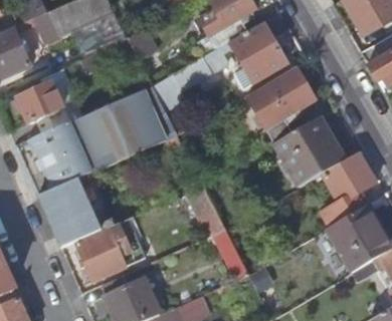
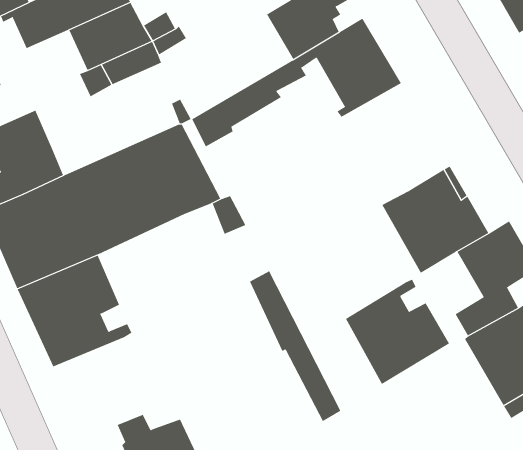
building: [246,69,314,142] -> none
building: none -> [345,279,450,385]
building: [76,217,145,280] -> none

